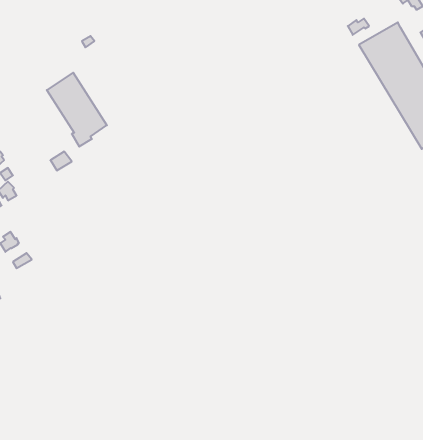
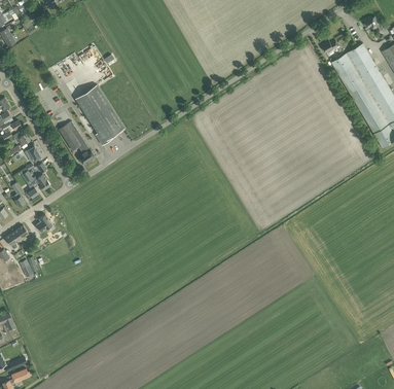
building: none -> [59,121,85,150]

